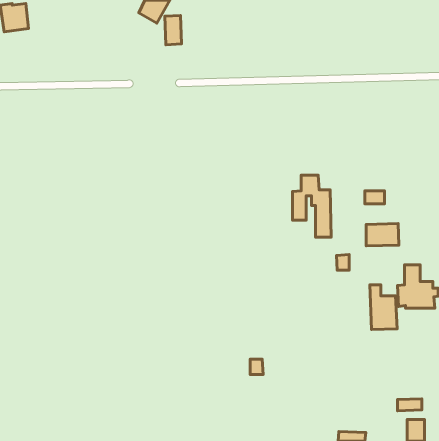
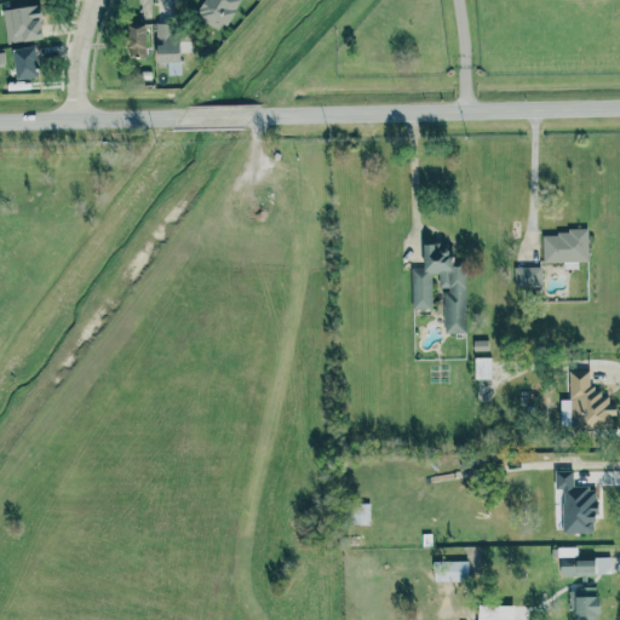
building: [165,15,181,45] -> [156,22,179,63]
building: none -> [127,23,147,58]
building: none -> [13,47,38,79]
building: [366,224,399,246] -> [544,231,590,263]
building: [370,285,397,330] -> [558,471,597,534]
building: none -> [434,561,469,582]

